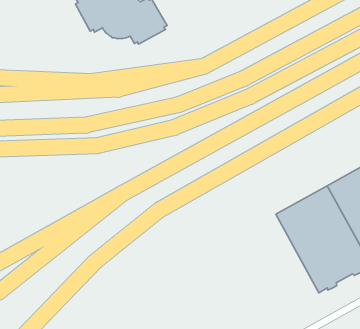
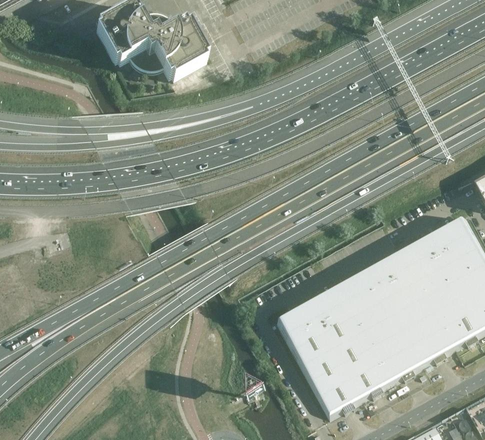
building: none -> [274,284,391,415]

